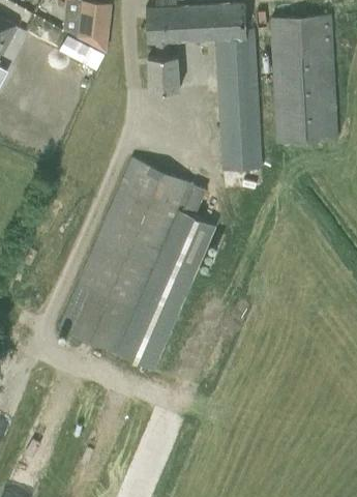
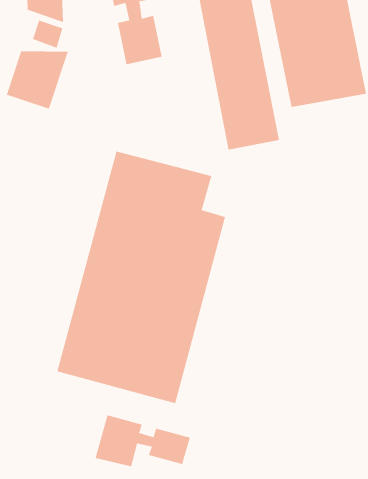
building: none -> [6,51,68,110]
building: none -> [95,415,190,467]

